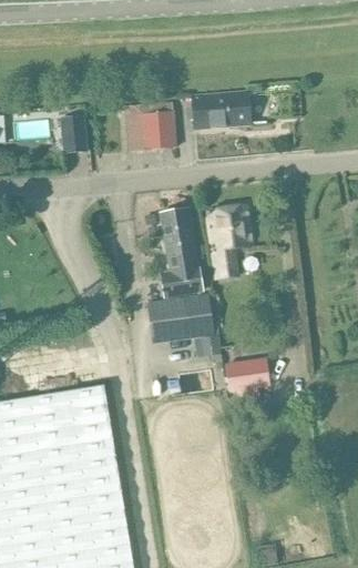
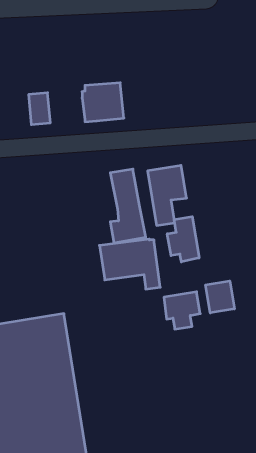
building: [192,93,250,130] -> none
building: none -> [167,217,199,262]
building: none -> [206,281,234,313]

